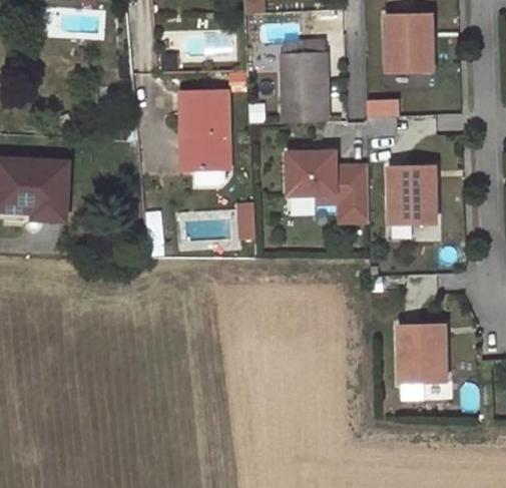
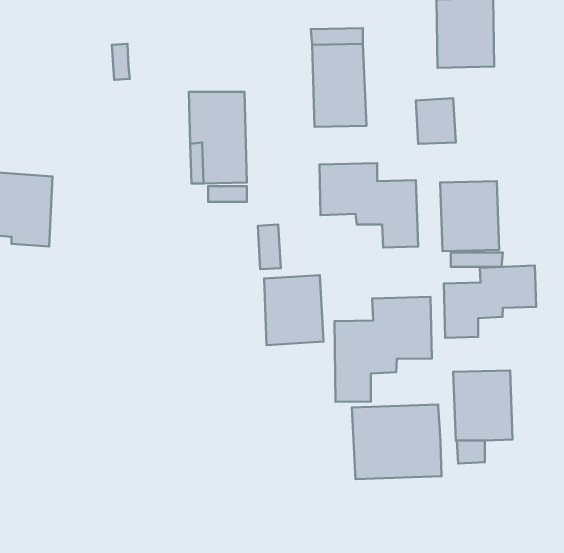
building: none -> [444,266,536,338]
building: none -> [264,275,324,345]
building: none -> [334,297,432,402]
building: none -> [352,405,442,479]

